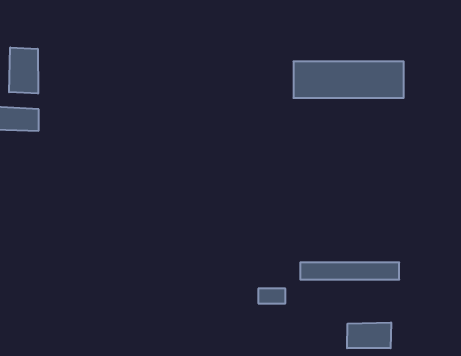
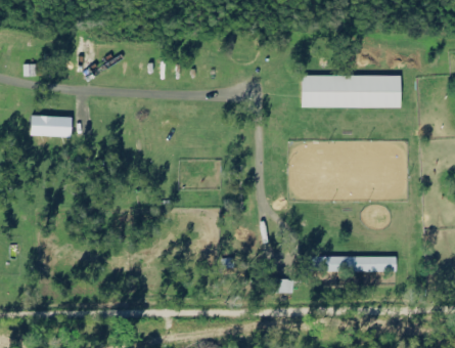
building: [9,47,38,94] -> none
building: [347,322,391,348] -> none

